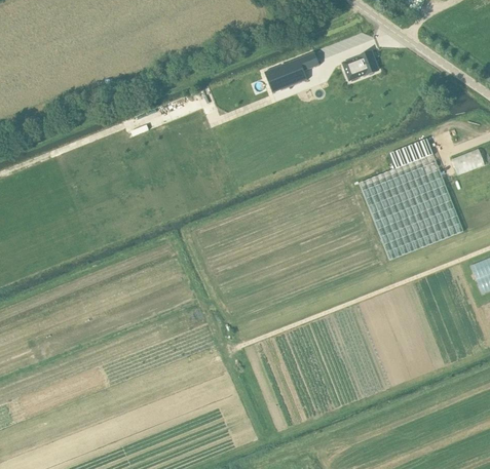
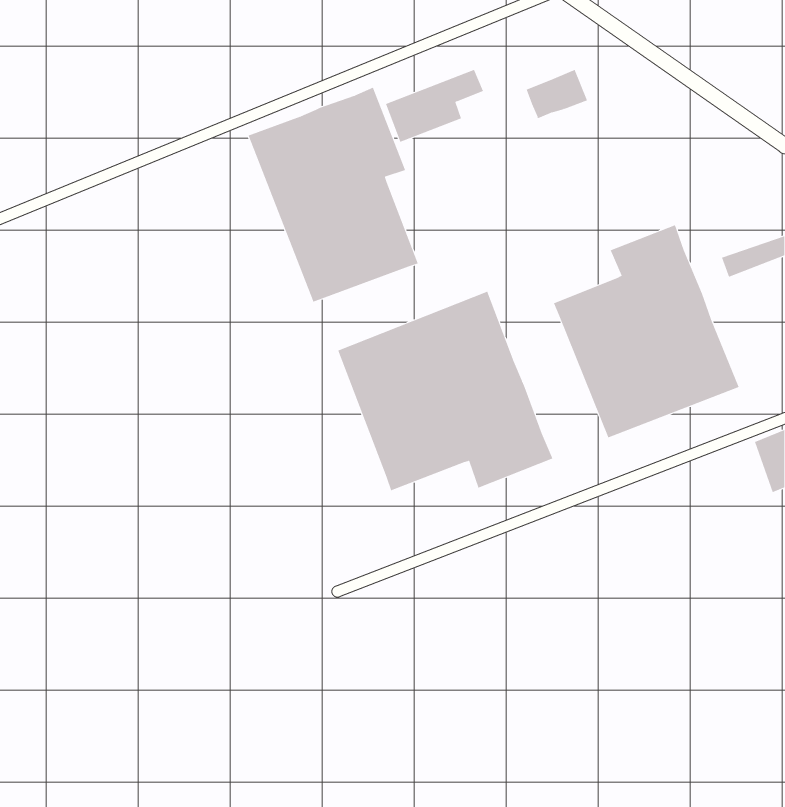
building: none -> [248,87,419,302]
building: none -> [338,291,553,491]

